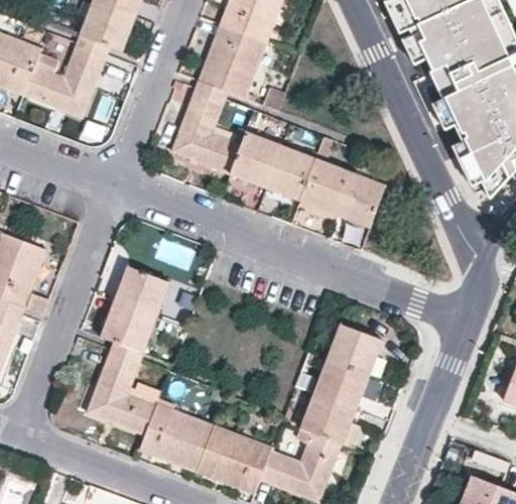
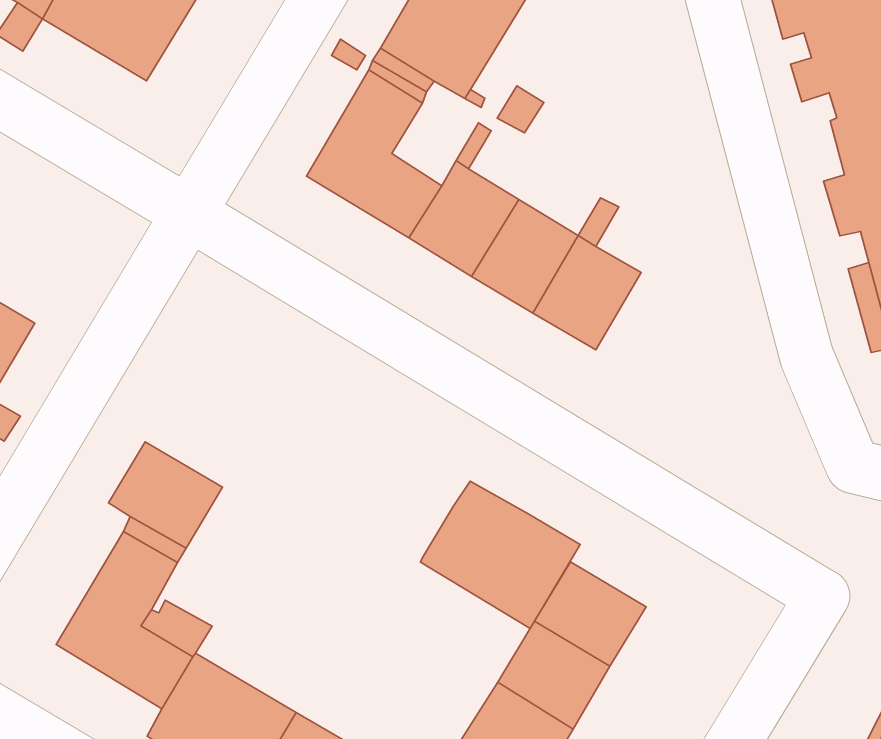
building: [334,170,385,228] -> none
building: [113,265,169,317] -> none
building: none -> [421,481,580,628]

